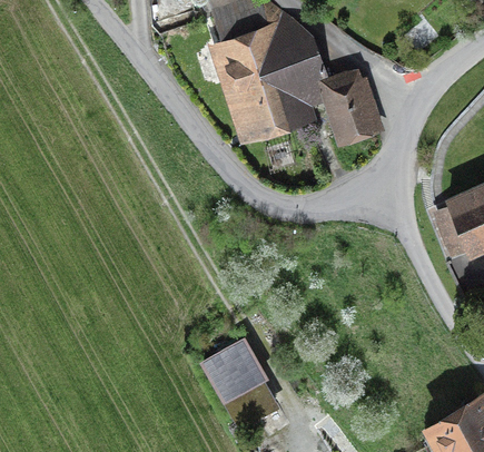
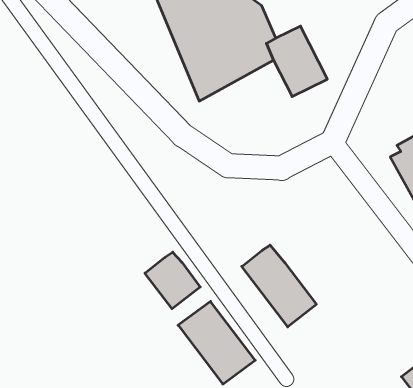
building: none -> [145,252,200,309]
building: none -> [242,245,316,327]

